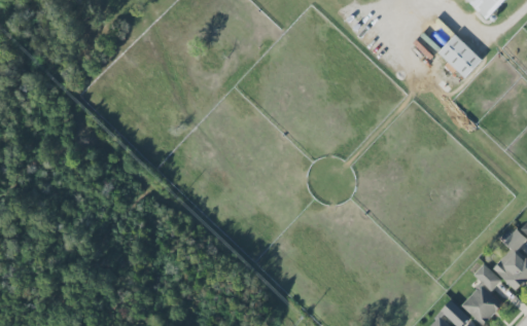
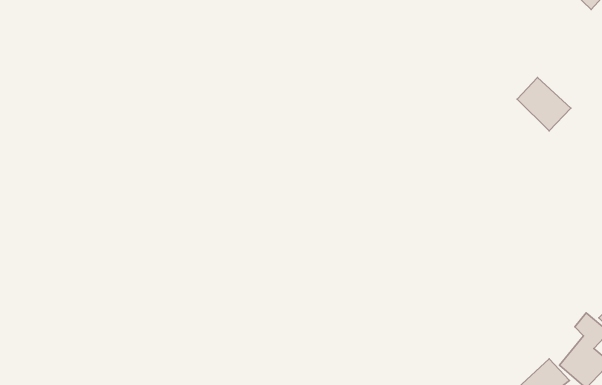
building: [438,35,482,78] -> [517,77,571,131]

